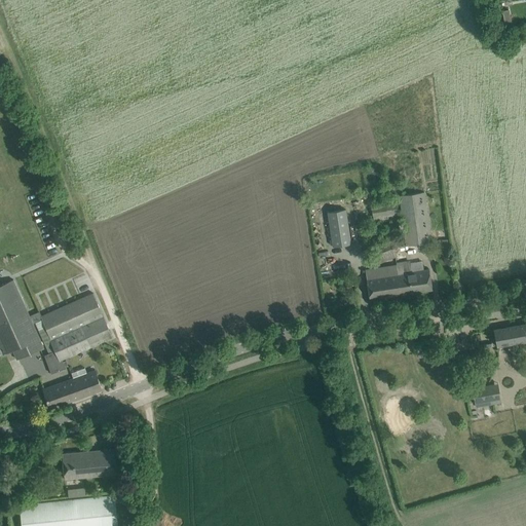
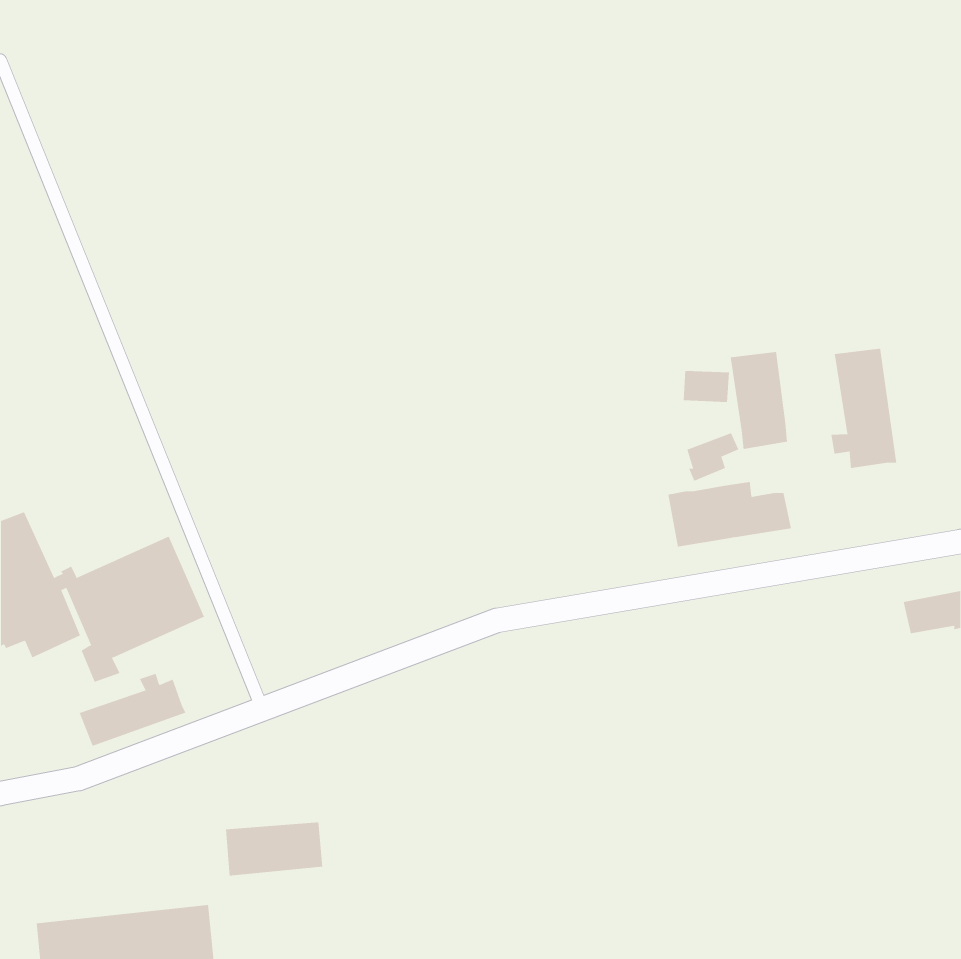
building: none -> [831,348,897,469]
building: [327,210,351,248] -> none
building: [472,383,500,408] -> none
building: [63,450,116,480] -> [225,822,323,876]

